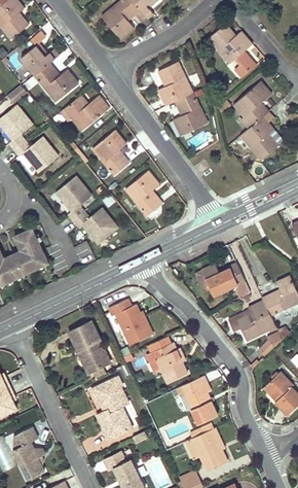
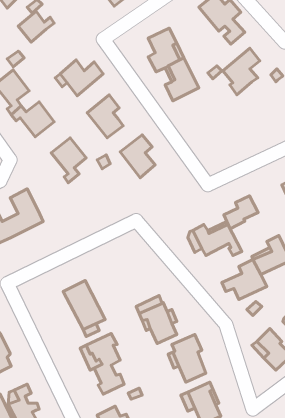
building: [35,62,78,101] -> none
building: [239,112,276,161] -> none
building: [73,207,118,243] -> none
building: none -> [224,196,258,229]
building: [105,297,150,345] -> none

